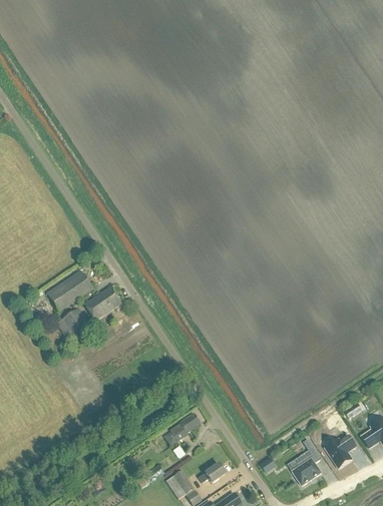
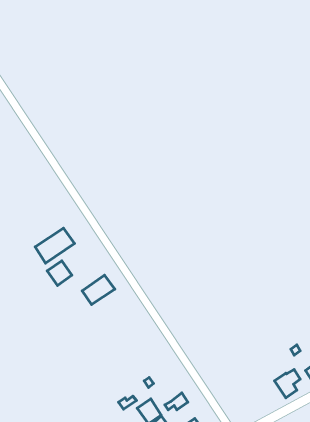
building: [83,286,121,320] -> [82,275,115,304]
building: [163,412,200,444] -> none
building: [293,447,322,485] -> none

